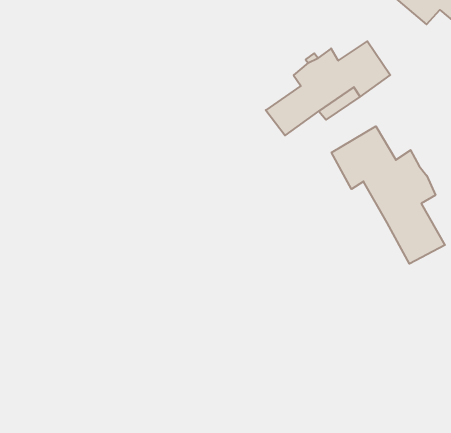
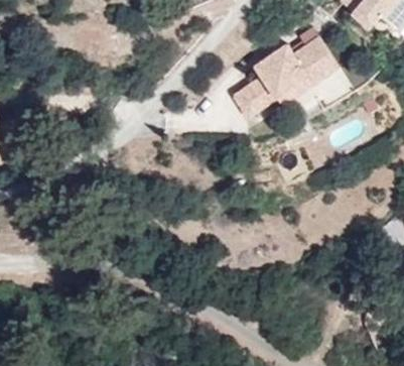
building: [332,126,445,264] -> none

